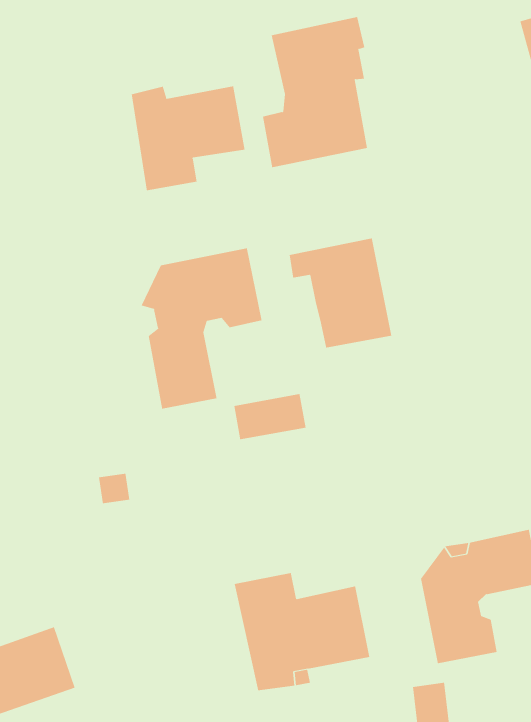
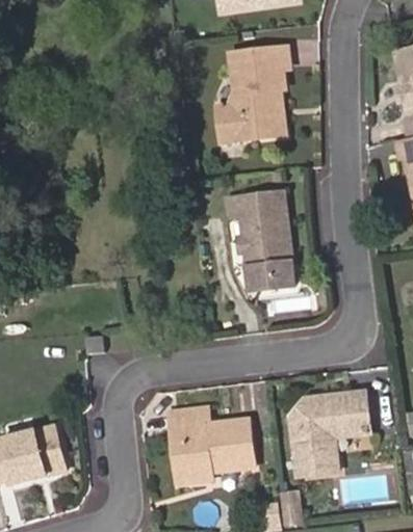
building: [131,86,245,191] -> none
building: [141,247,262,410] -> none
building: [233,393,306,440] -> [246,258,292,285]

